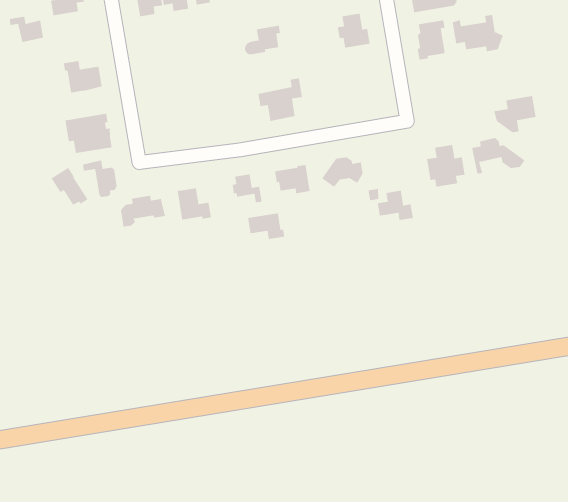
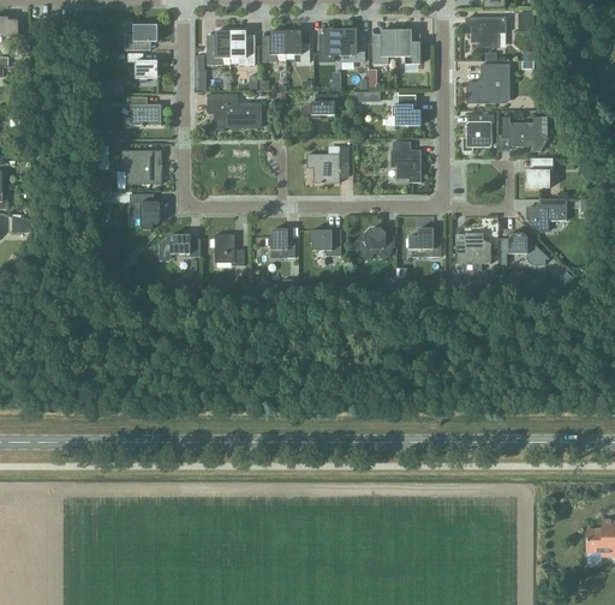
building: [9,16,44,43] -> [127,53,157,78]
building: none -> [207,92,261,128]
building: none -> [526,157,553,186]
building: none -> [390,140,420,181]
building: [51,167,88,206] -> none
building: [377,190,414,221] -> [408,227,441,256]
building: [247,212,285,240] -> none

